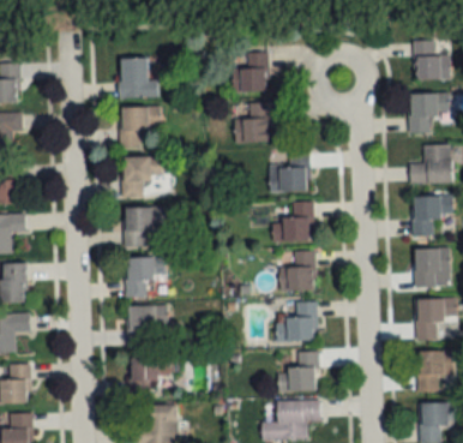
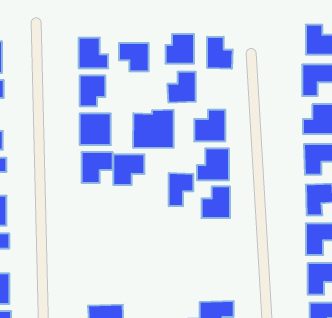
building: none -> [207,37,233,69]
building: none -> [119,43,149,71]
building: none -> [133,110,173,148]
building: none -> [169,173,193,206]
building: [126,257,167,297] -> [113,154,145,185]
building: [277,301,319,342] -> none
building: [127,305,167,347] -> none
building: [278,352,319,391] -> none
building: [131,357,172,400] -> none

